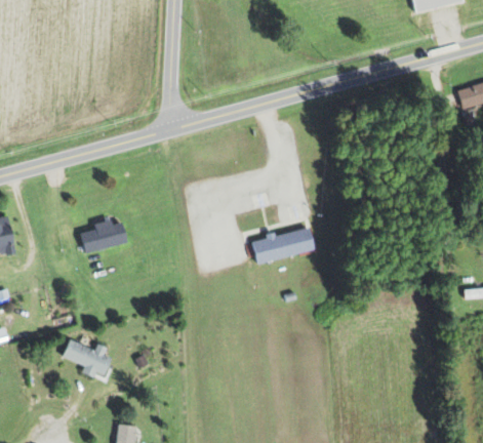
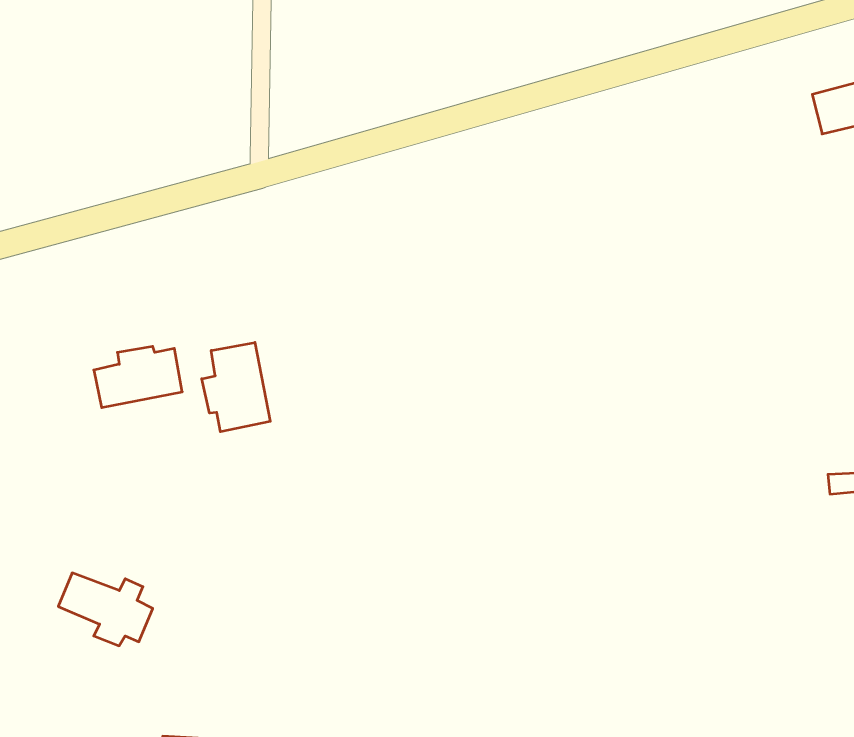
building: none -> [202,342,270,432]
building: [252,228,315,265] -> none

